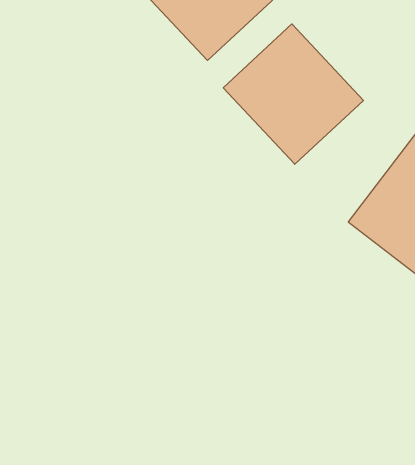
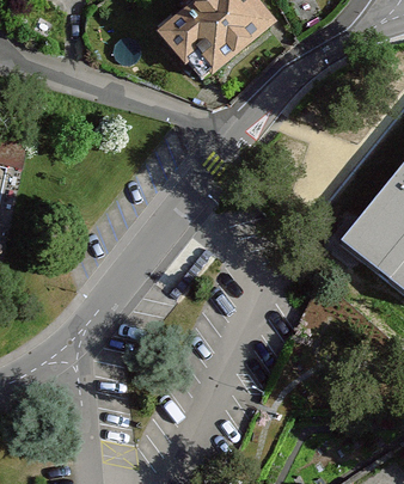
building: [223,24,363,164] -> none

